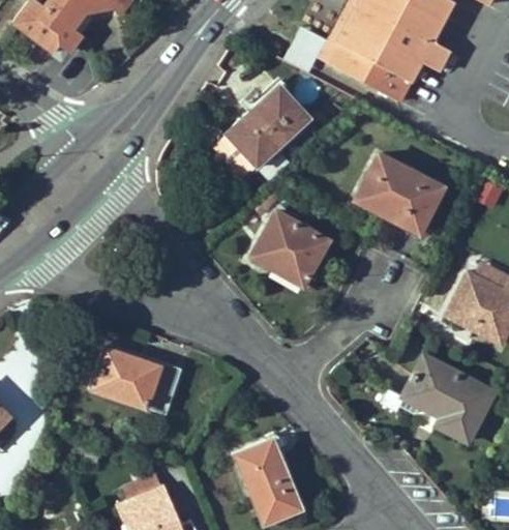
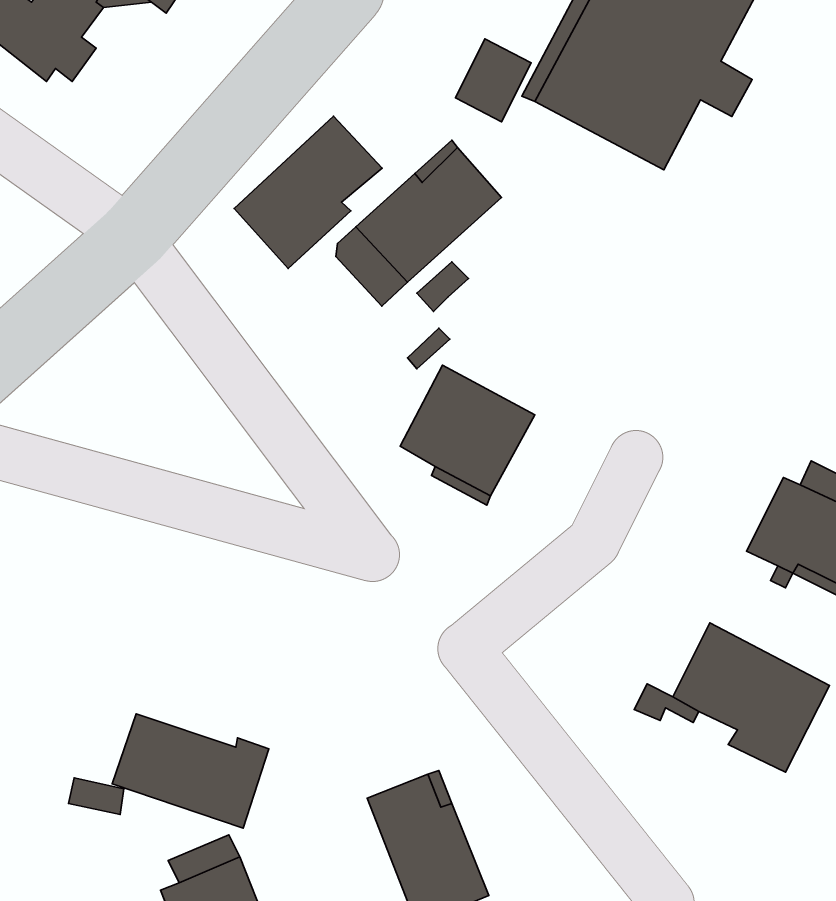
building: none -> [234,116,382,269]
building: [356,152,443,232] -> none
building: [92,349,180,413] -> [112,714,269,828]

